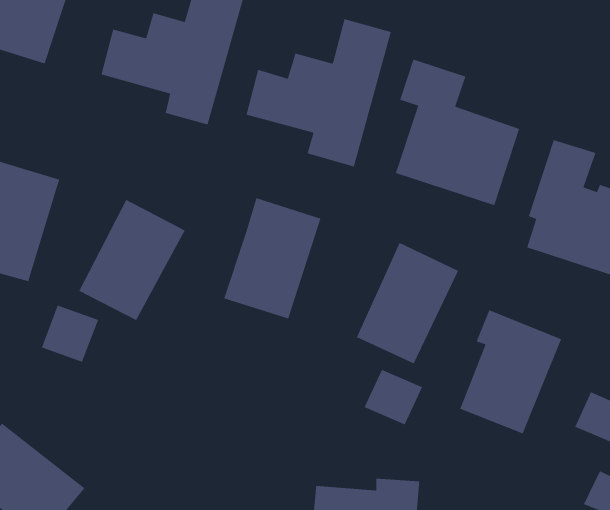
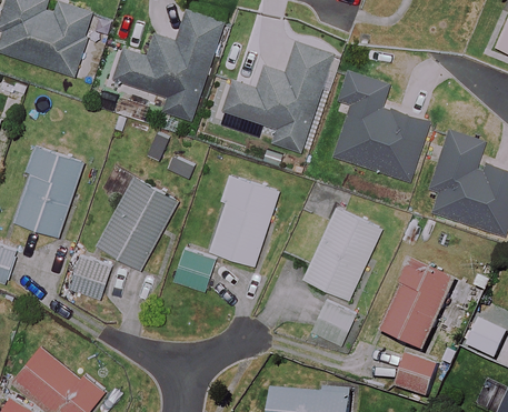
building: none -> [172,250,216,291]
building: none -> [394,352,440,396]

